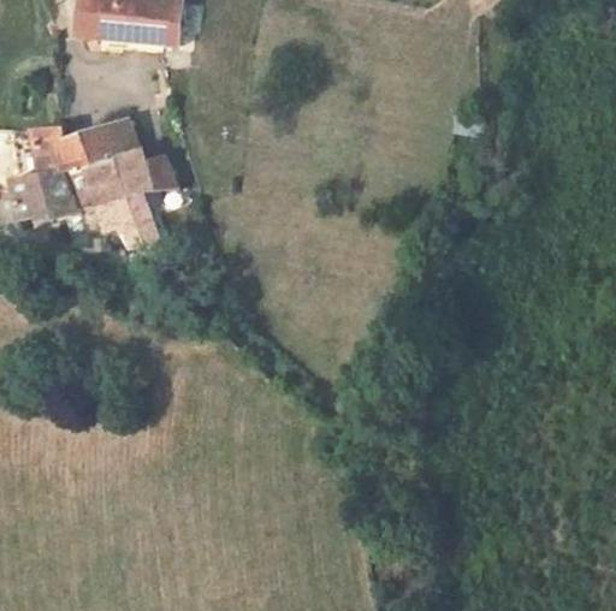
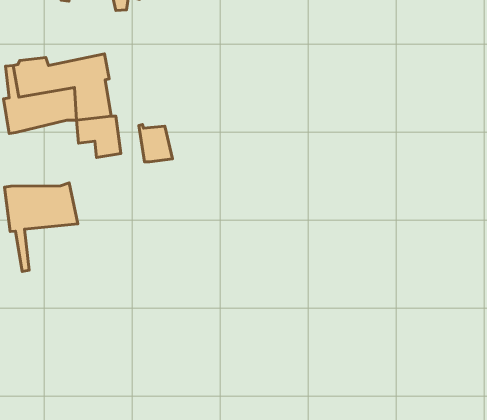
building: [135,149,177,196] -> [139,124,172,162]
building: none -> [5,183,78,271]

